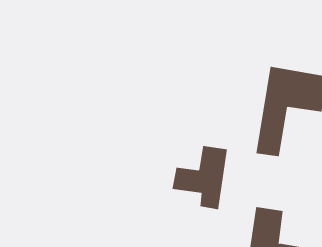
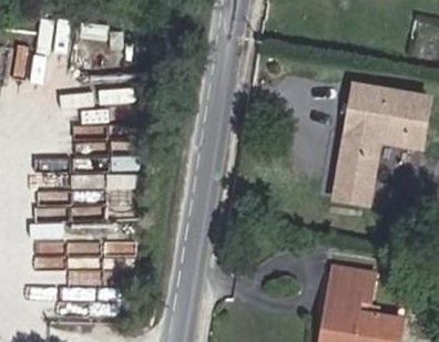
building: [172,145,228,210] -> none

